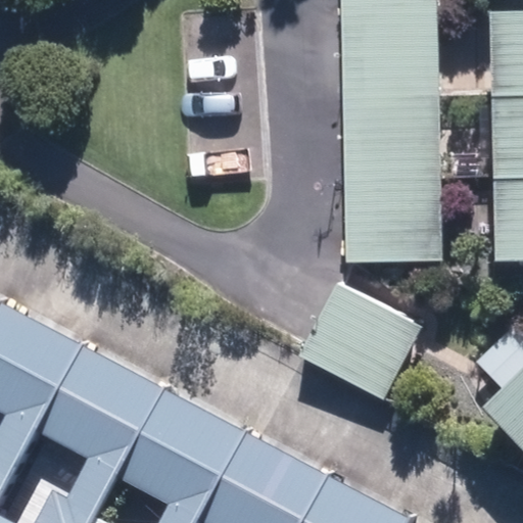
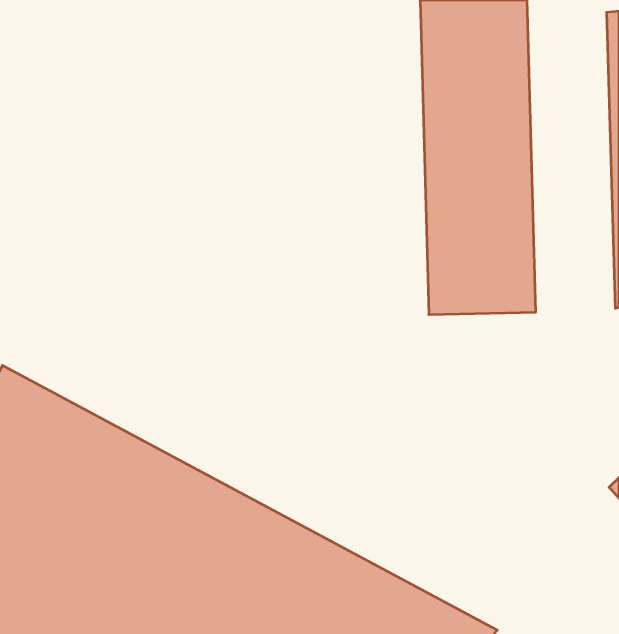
building: [301,291,411,396] -> none

